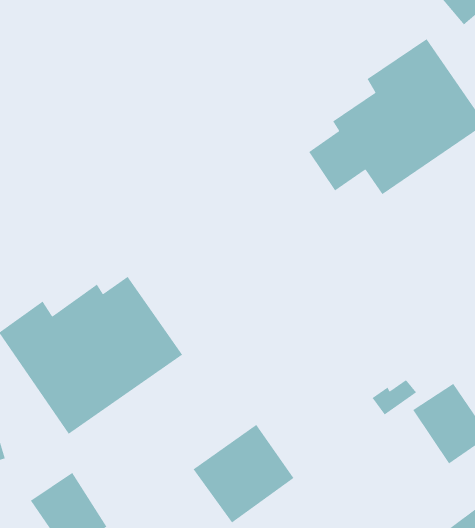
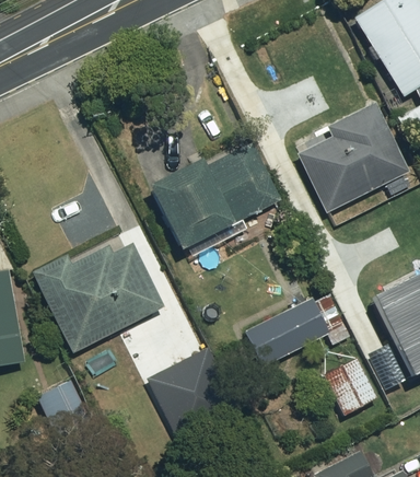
building: none -> [152,142,281,248]
building: none -> [245,296,329,365]

